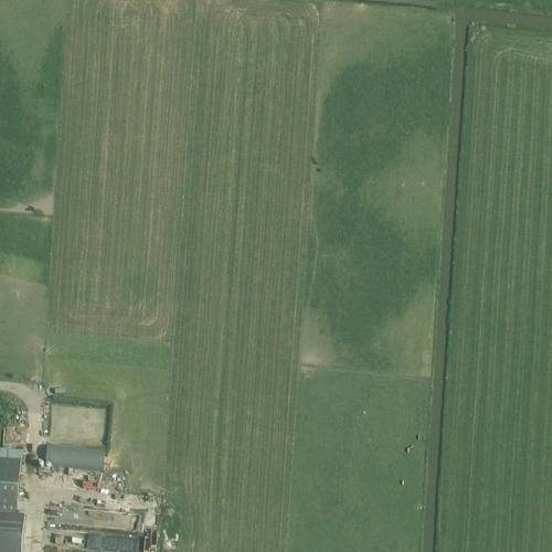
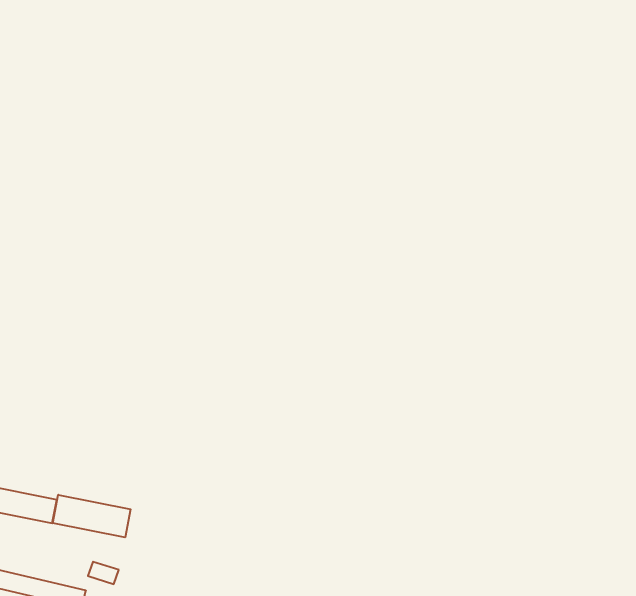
building: none -> [53,495,131,537]

